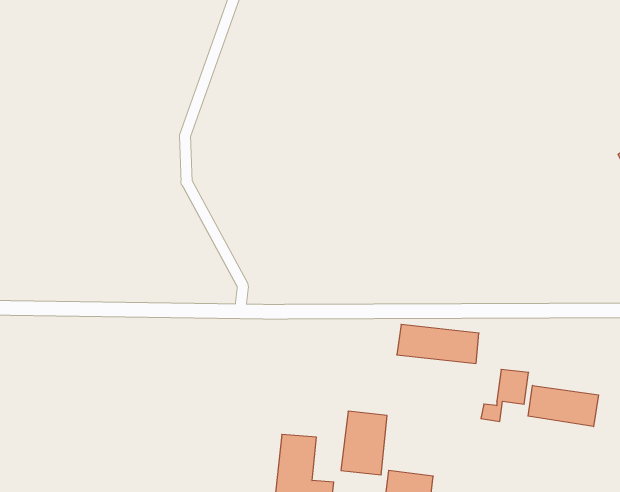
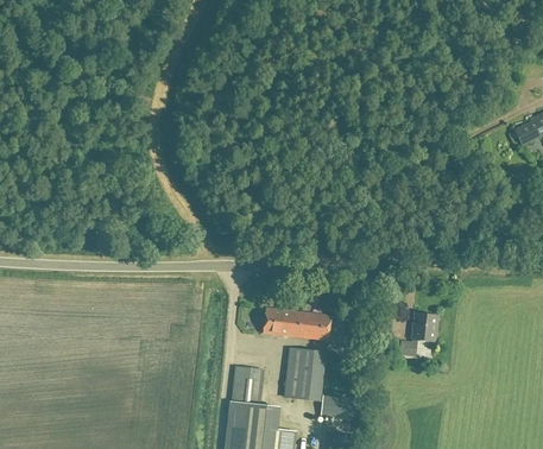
building: [397,324,479,363] -> [261,308,329,340]
building: [528,385,598,427] -> none

